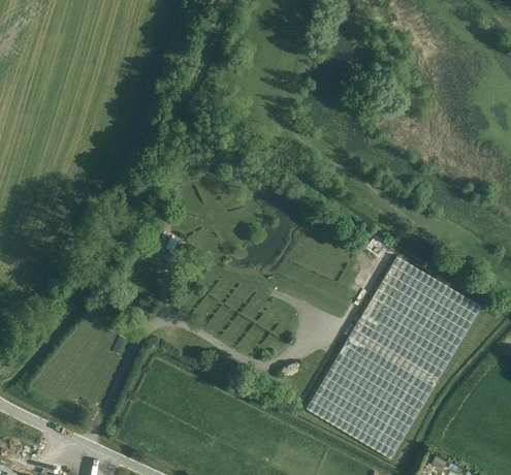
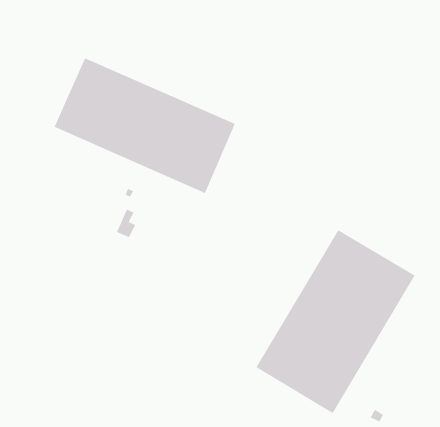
building: none -> [54,57,235,194]

